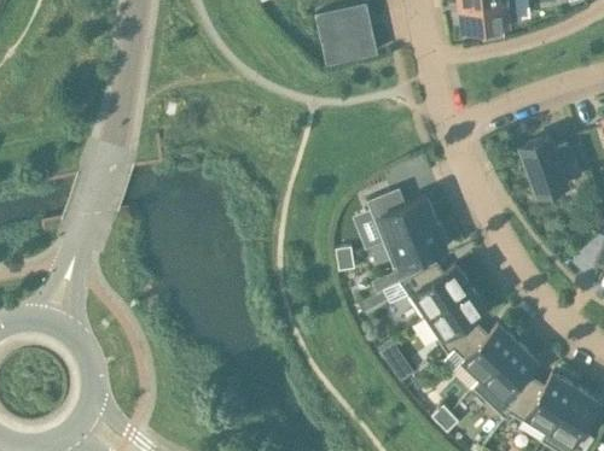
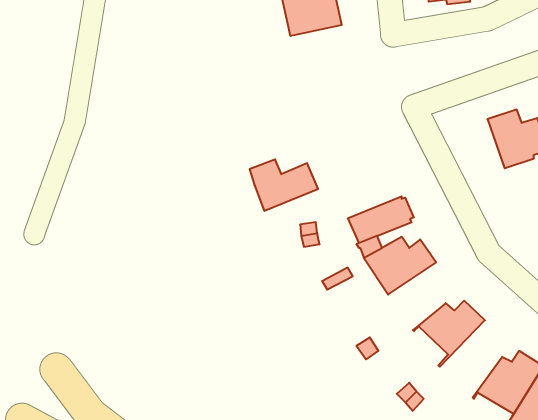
building: [367,192,435,242] -> [250,159,318,211]
building: [422,286,484,352] -> none
building: [472,342,535,418] -> none

